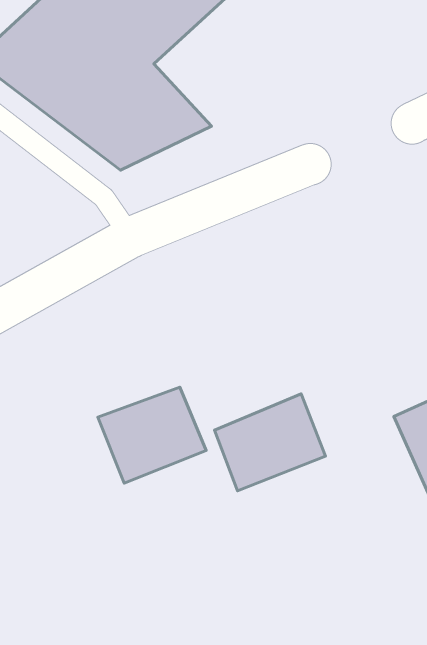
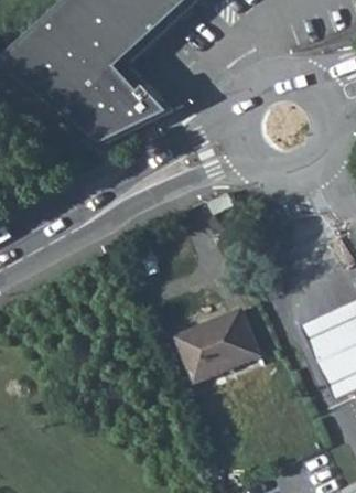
building: [98,387,206,483] -> none

